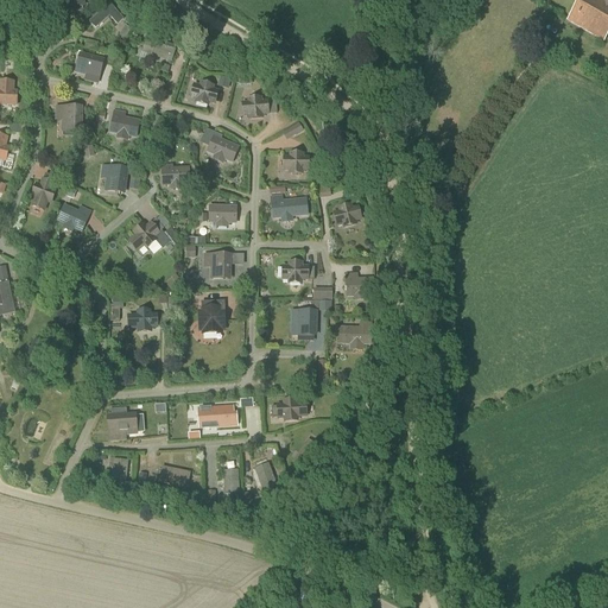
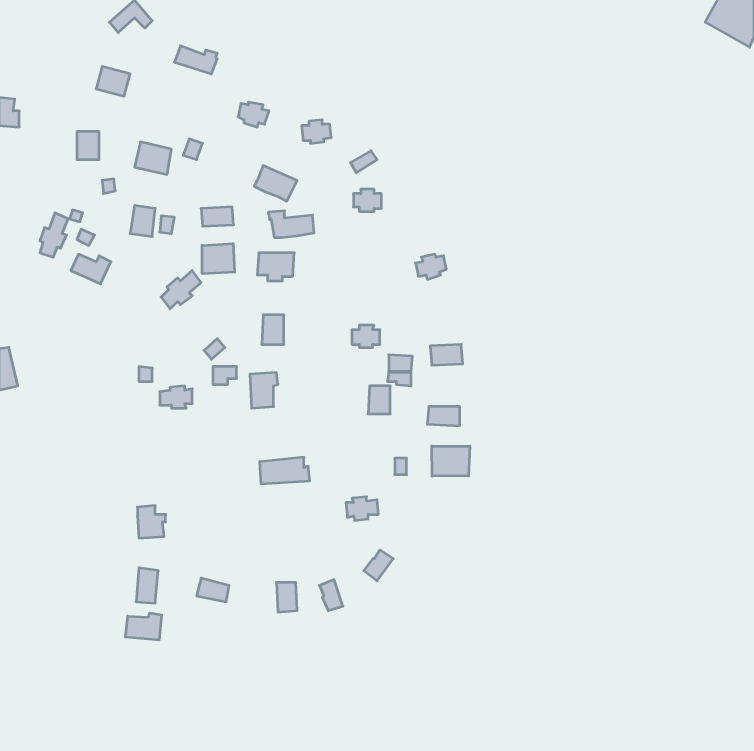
building: [268,194,305,215] -> [268,211,314,237]
building: none -> [202,244,235,274]
building: none -> [432,446,470,476]
building: [196,404,236,425] -> [260,457,310,484]
building: none -> [125,613,162,640]

